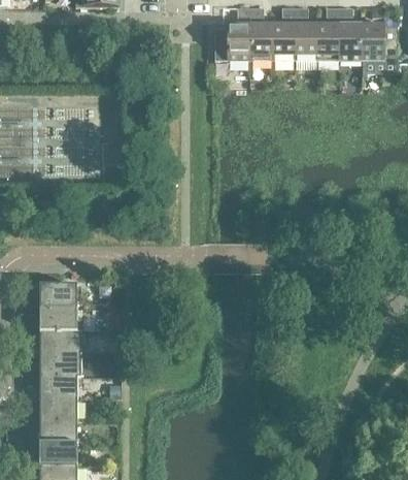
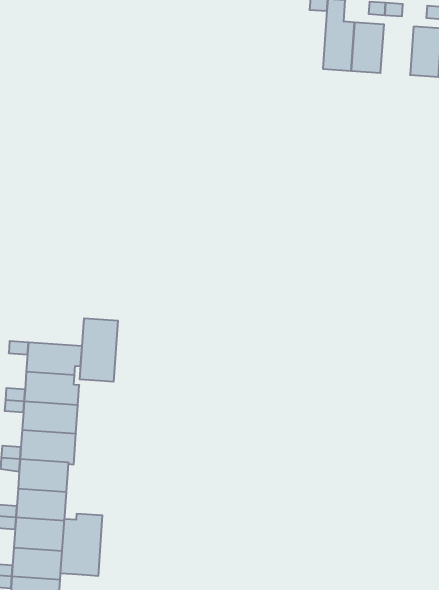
building: [227,23,250,60] -> none
building: [295,23,317,60] -> none
building: none -> [80,318,118,382]
building: none -> [61,514,102,576]

